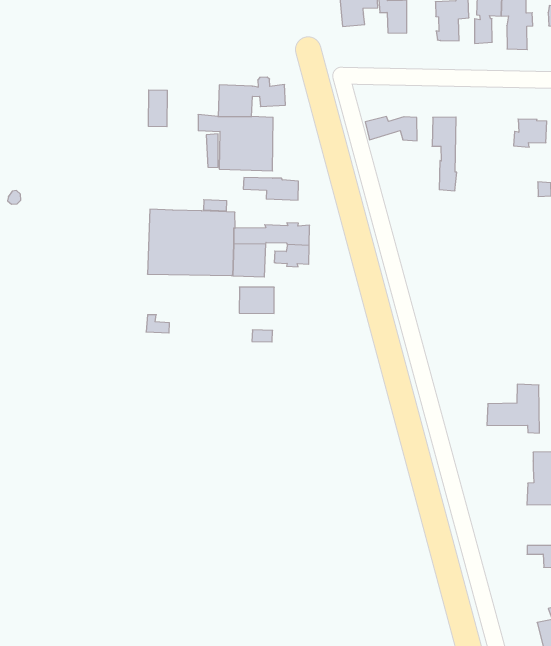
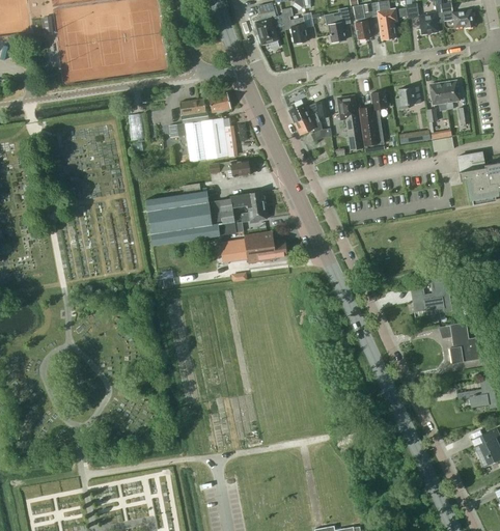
building: none -> [359,91,386,146]
building: none -> [294,112,331,141]
building: none -> [244,231,286,263]

